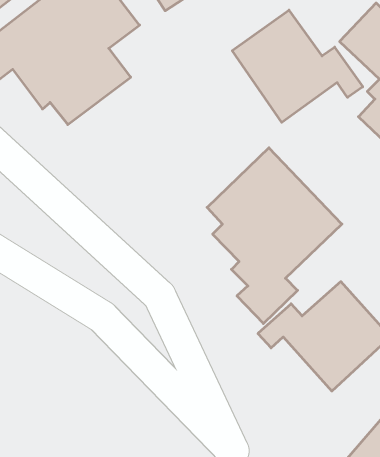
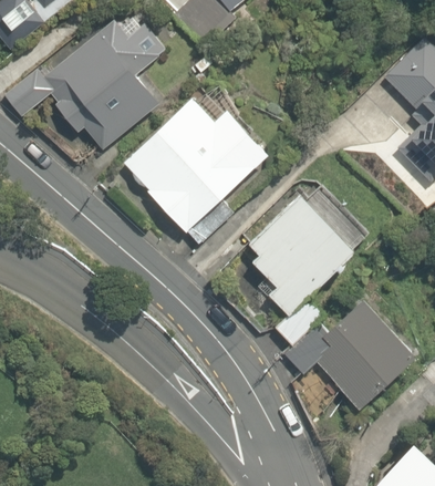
building: [232,10,363,122] -> none
building: none -> [126,86,265,235]

